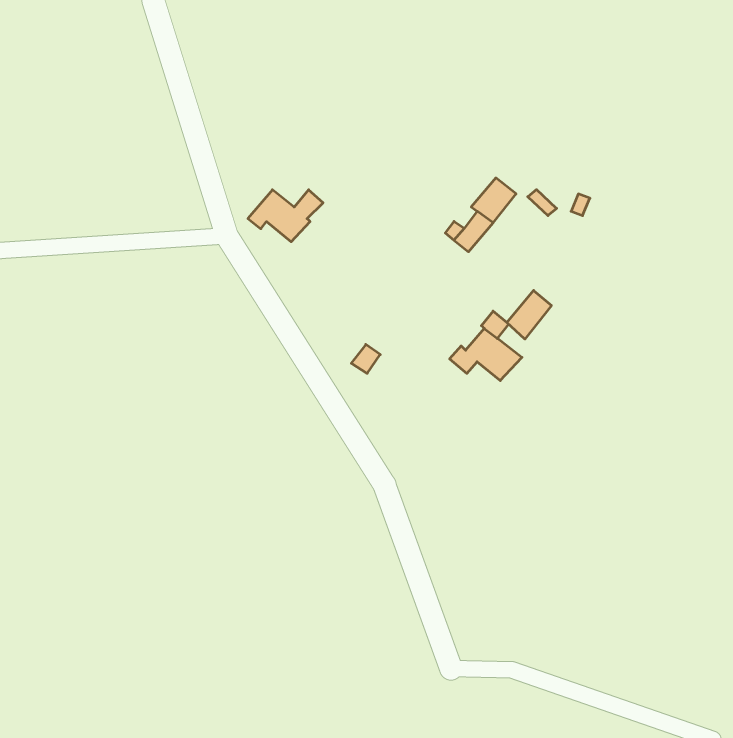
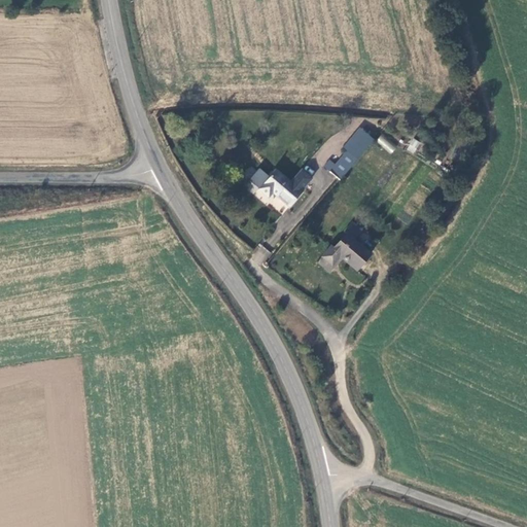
building: [248,190,323,242] -> [256,171,310,208]
building: [507,290,551,339] -> none

